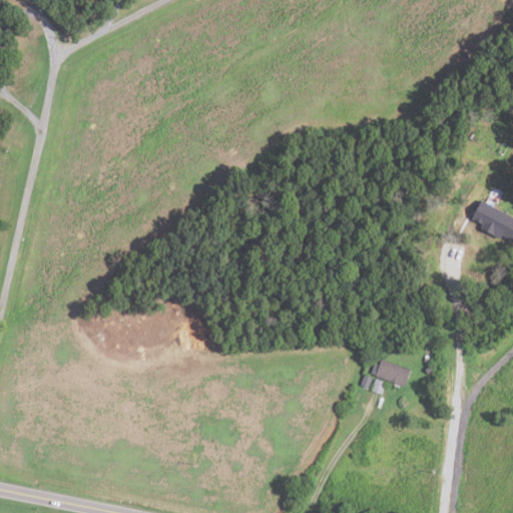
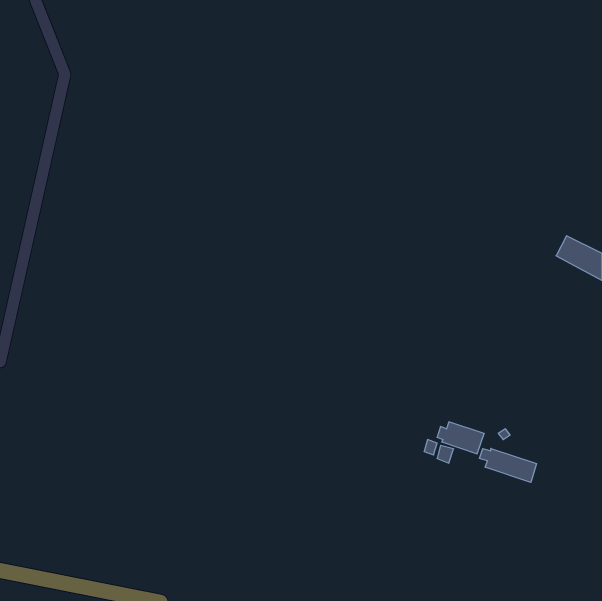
building: none -> [480,448,537,482]

